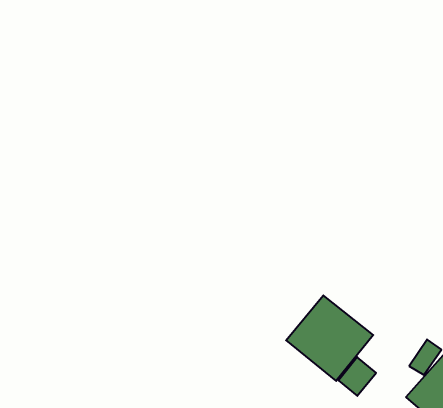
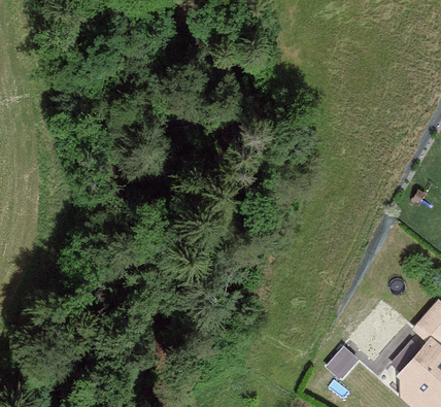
building: [286,295,373,381] -> none

